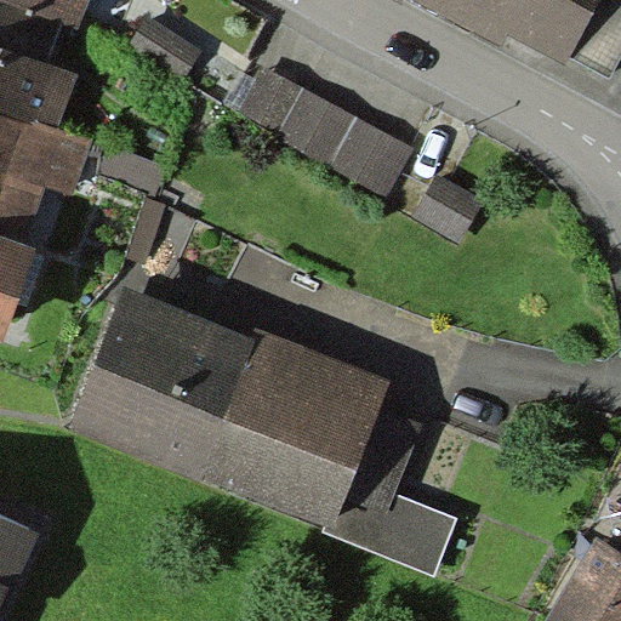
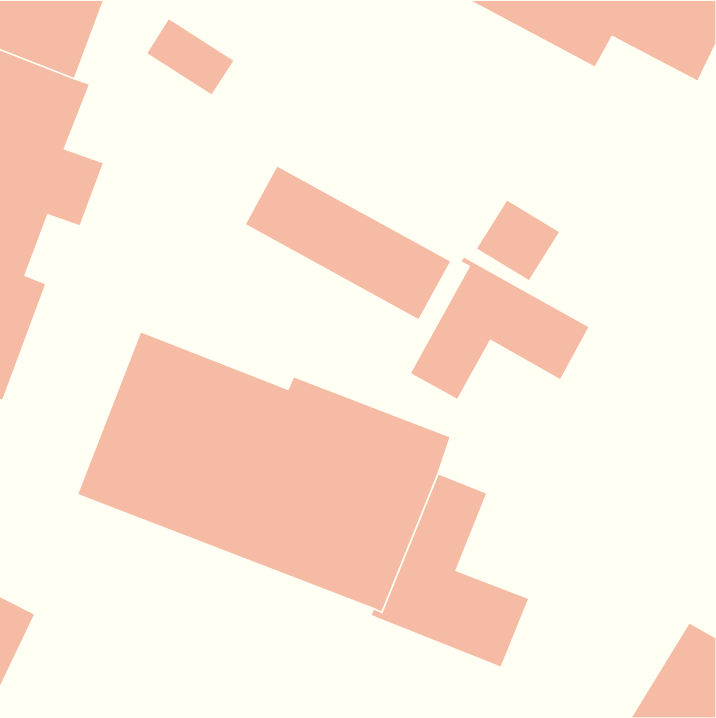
building: [235,67,414,200] -> [245,166,451,320]
building: none -> [410,257,590,400]

